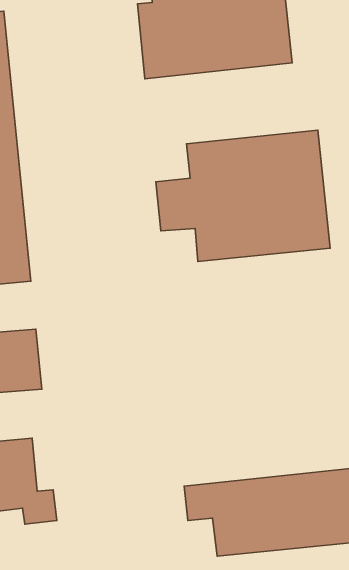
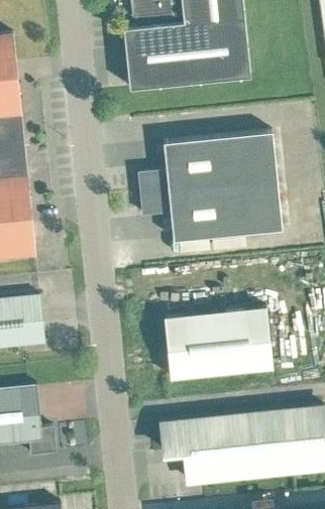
building: none -> [164,306,273,379]

